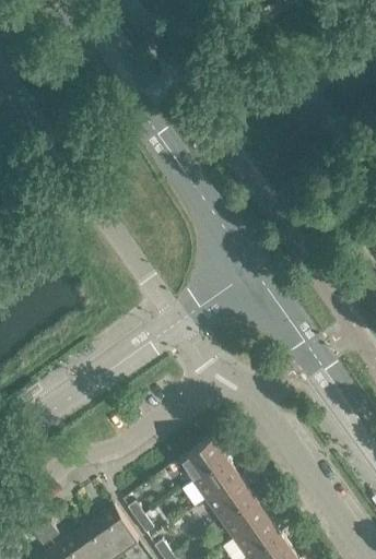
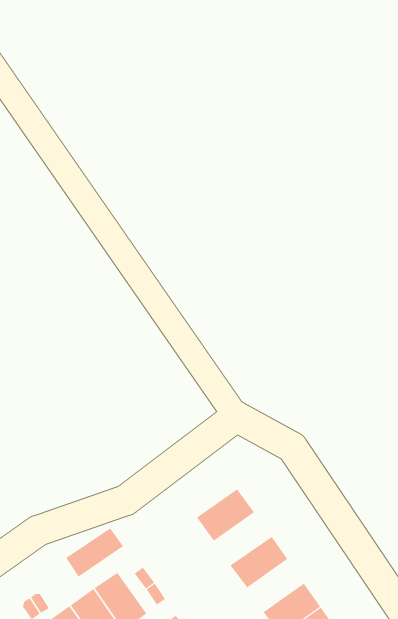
building: [193,460,242,503] -> none
building: none -> [66,527,124,578]
building: [221,498,268,542] -> none

